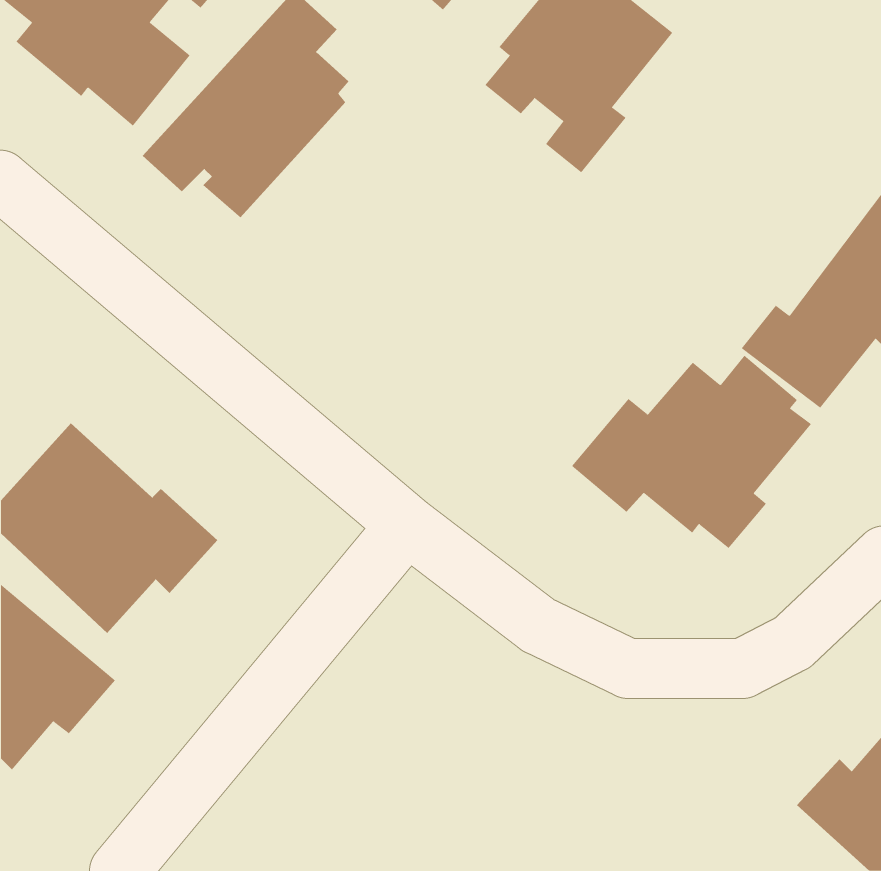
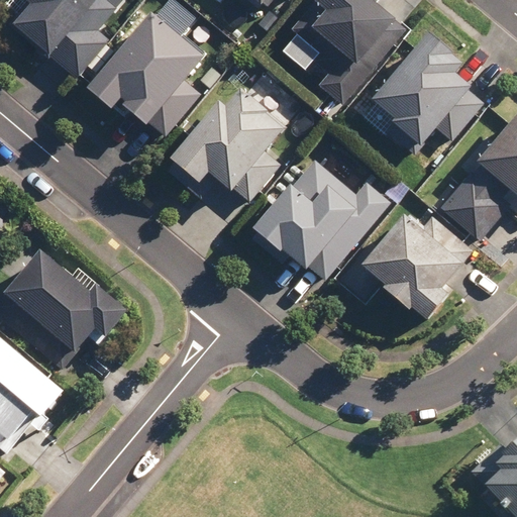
building: none -> [371,36,470,149]
building: none -> [167,87,286,197]
building: none -> [249,156,393,271]

